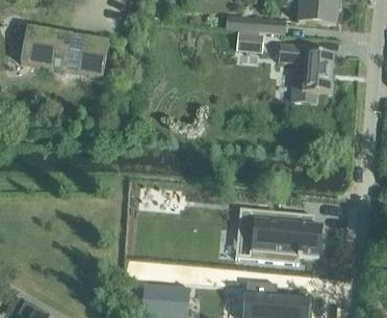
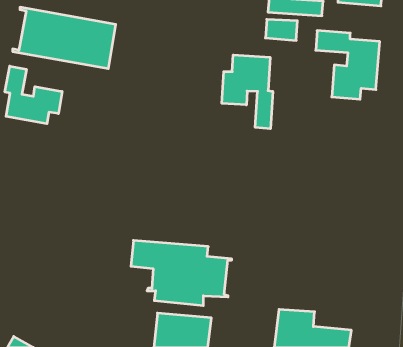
building: none -> [222,55,273,129]
building: none -> [5,66,62,124]
building: [237,209,322,264] -> [131,240,232,306]

